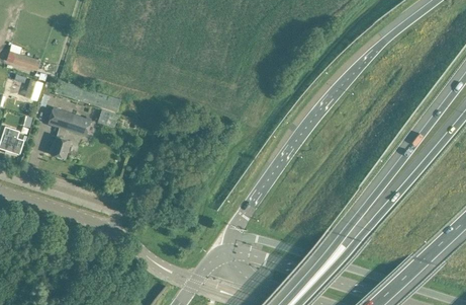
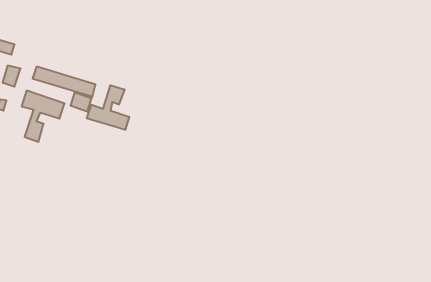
building: none -> [87,85,129,130]

